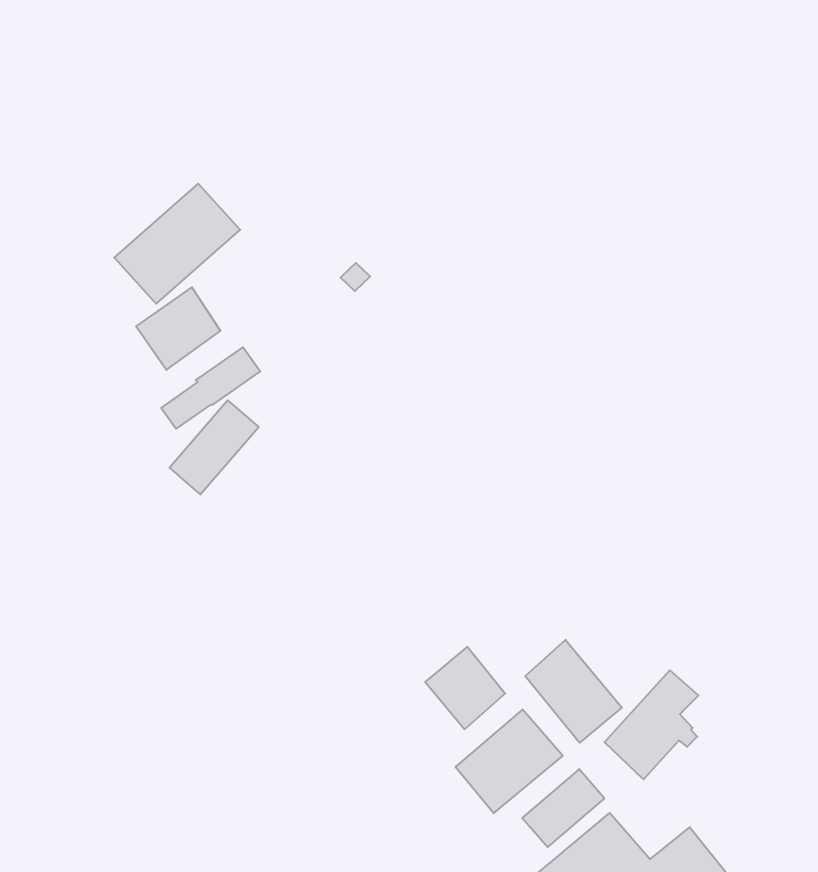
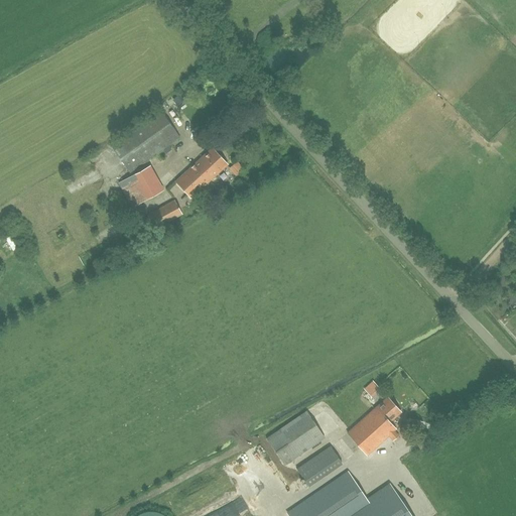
building: [169,400,259,495] -> [176,148,227,198]
building: [525,640,622,743] -> none
building: [425,647,505,729] -> none

